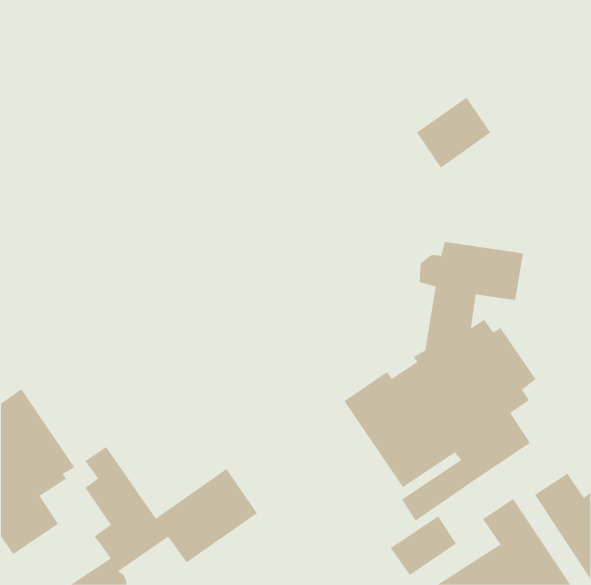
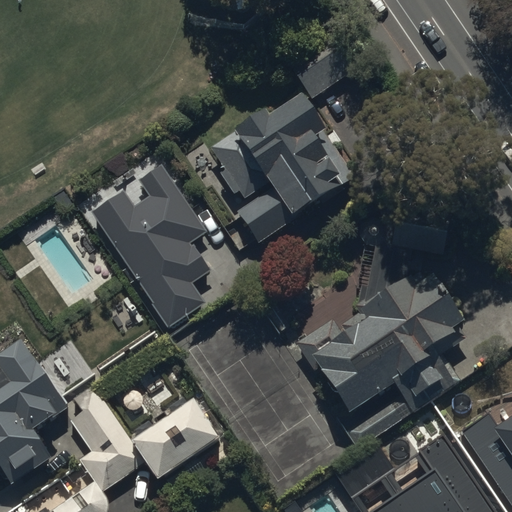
building: [416,97,491,168] -> [291,40,356,102]
building: none -> [211,104,356,245]
building: none -> [89,161,212,322]

